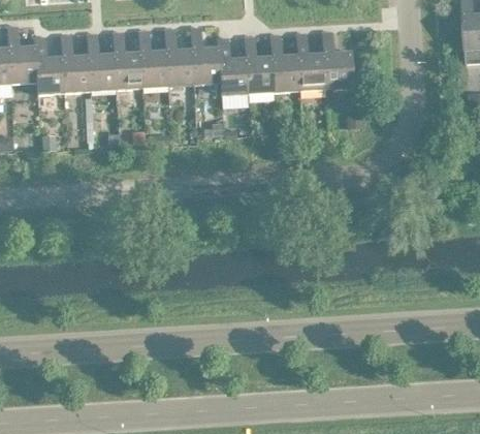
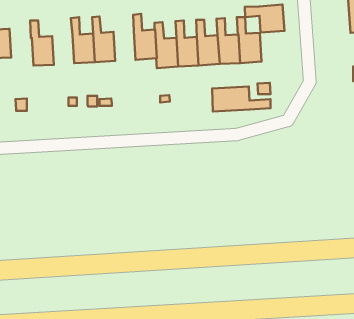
building: none -> [245,5,285,33]
building: [165,29,194,87] -> none
building: [87,34,117,92] -> none
building: [34,37,65,95] -> none
building: none -> [212,86,270,111]

